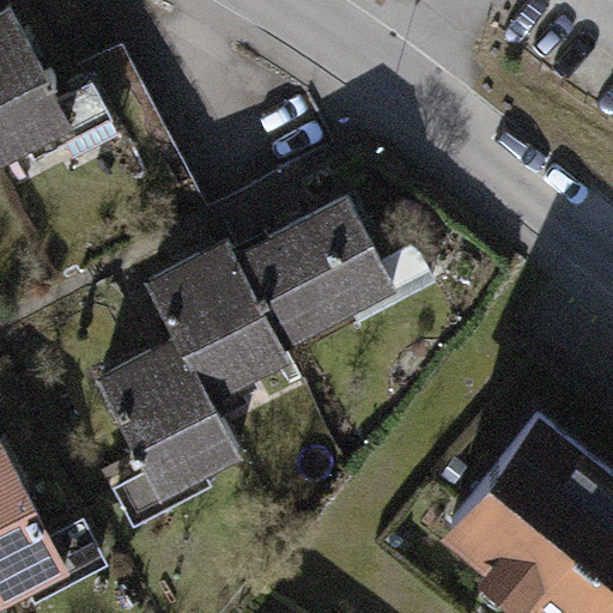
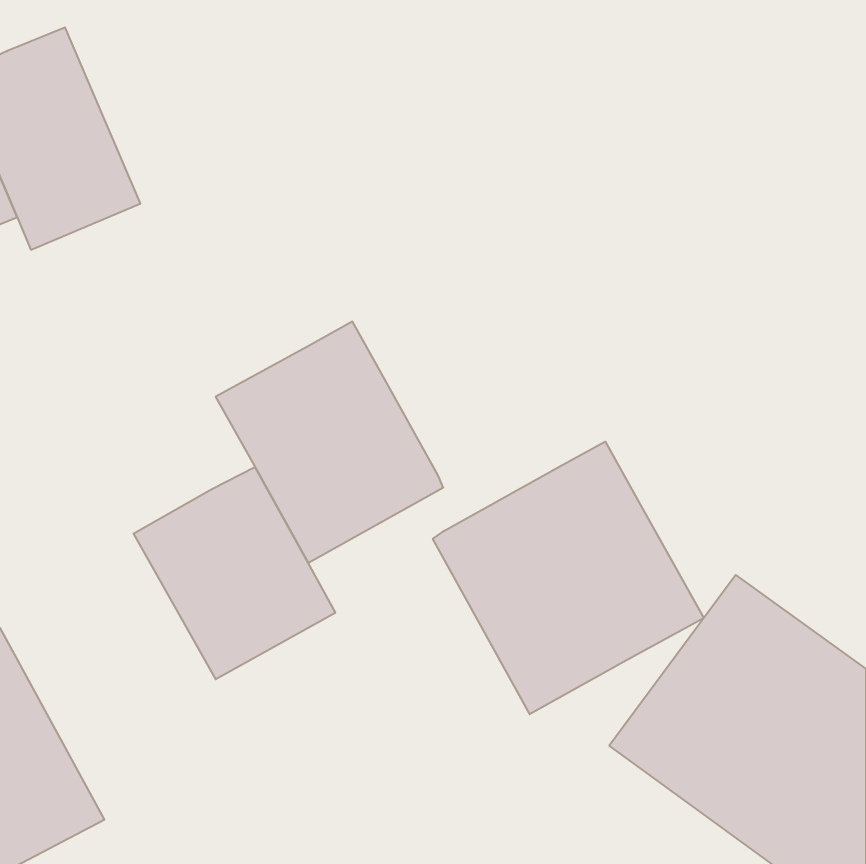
building: [263,208,405,340] -> none
building: none -> [433,442,704,714]

